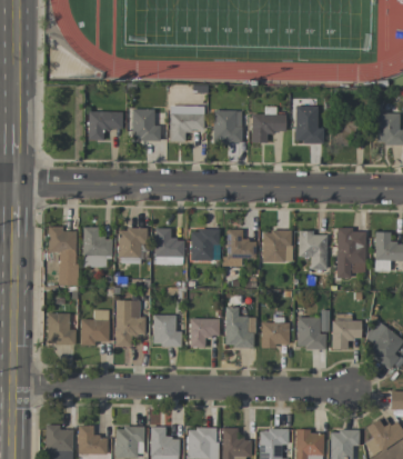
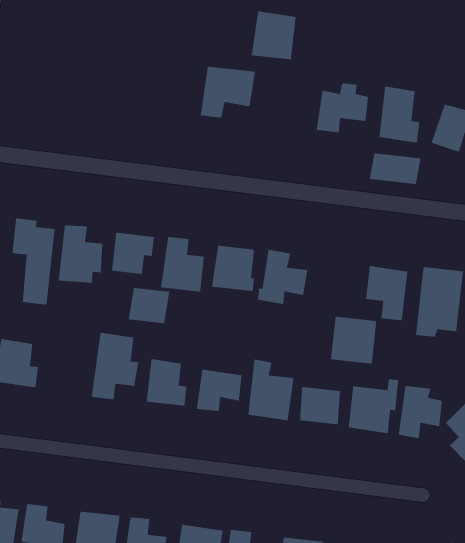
building: [131,109,160,141] -> none
building: [213,110,242,142] -> [251,10,296,60]
building: [88,111,122,140] -> none
building: none -> [369,152,421,185]
building: [262,231,292,262] -> [330,316,377,365]
building: none -> [128,287,170,324]
building: [81,310,109,346] -> none

